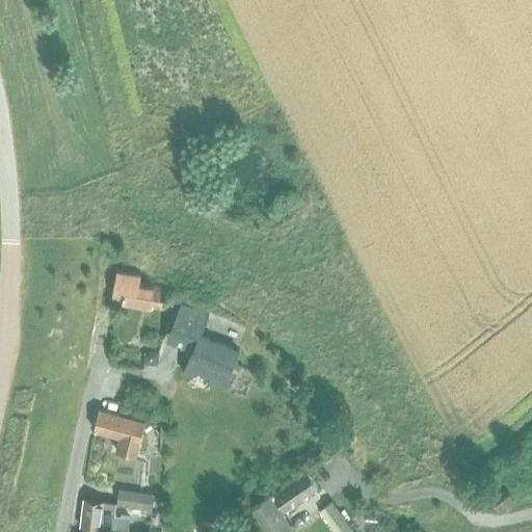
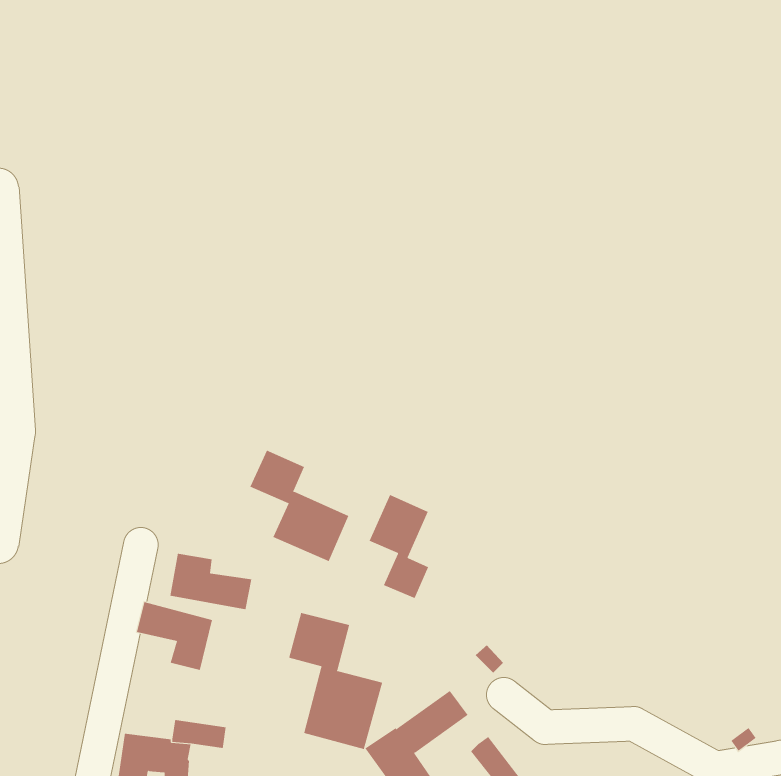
building: [111,273,167,312] -> [170,553,252,610]
building: none -> [369,494,429,599]
building: none -> [288,612,383,750]

